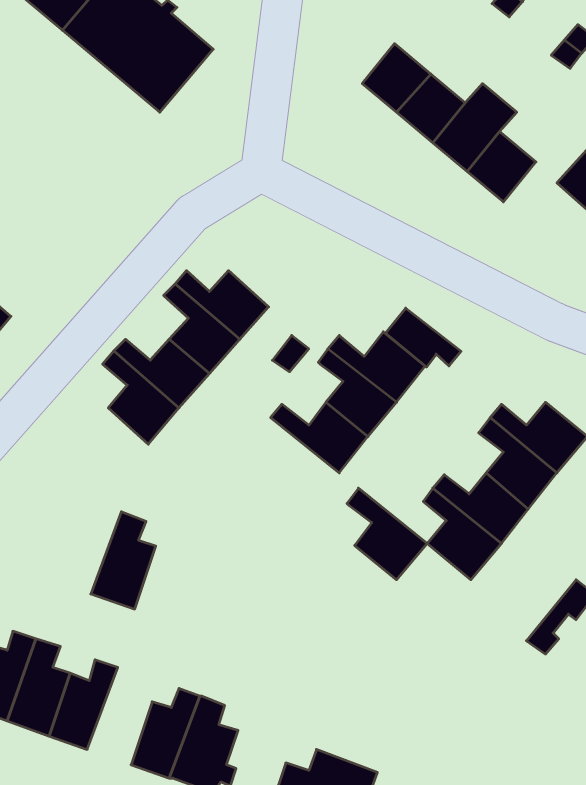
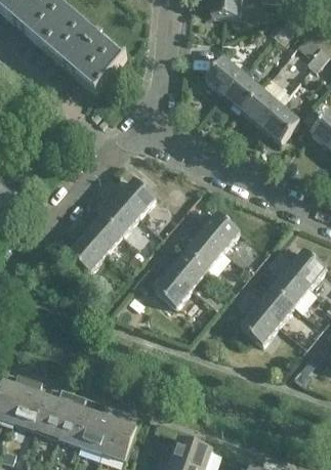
building: [386,308,461,367] -> none
building: [347,488,427,580] -> [150,257,193,306]
building: [91,512,156,609] -> [57,391,92,443]

